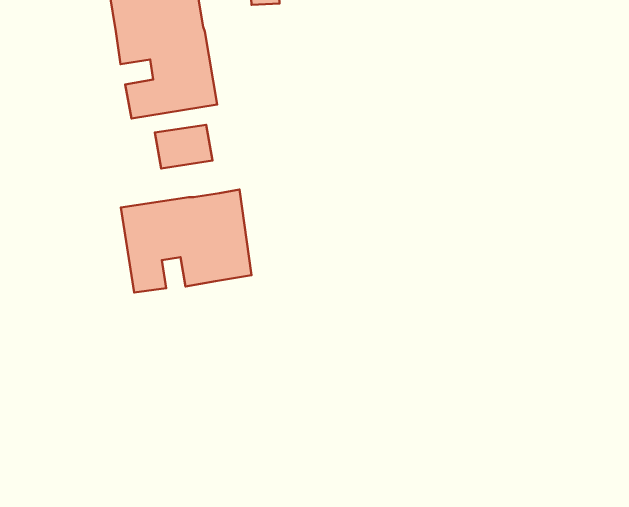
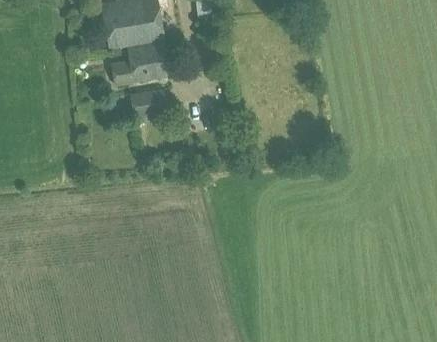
building: [121,190,252,293] -> none

